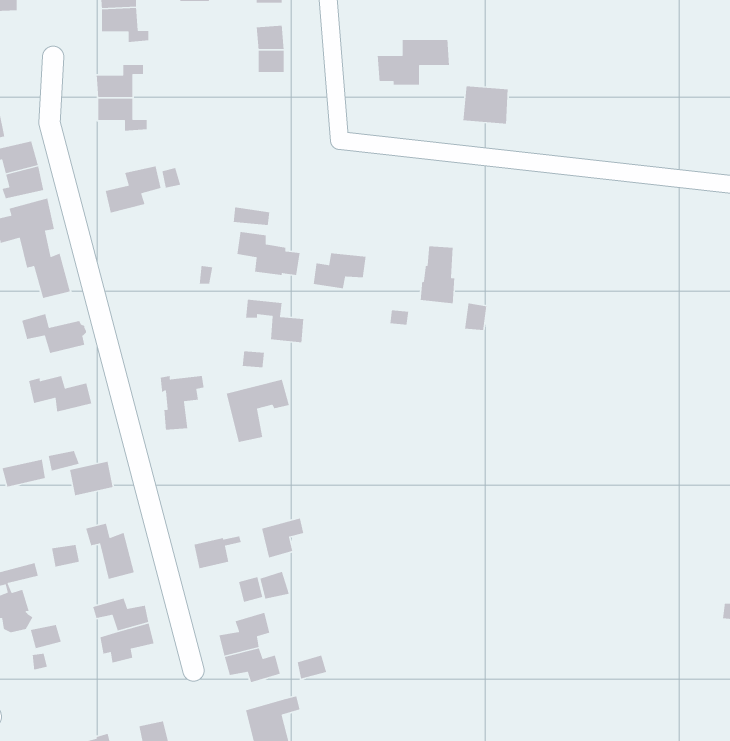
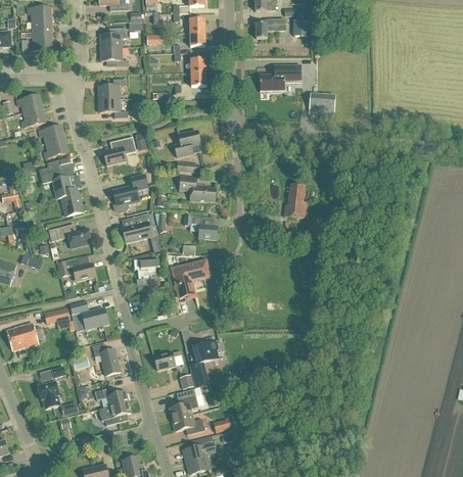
building: none -> [173,131,199,157]
building: none -> [111,174,147,212]
building: [313,252,366,289] -> none
building: none -> [122,212,152,243]

